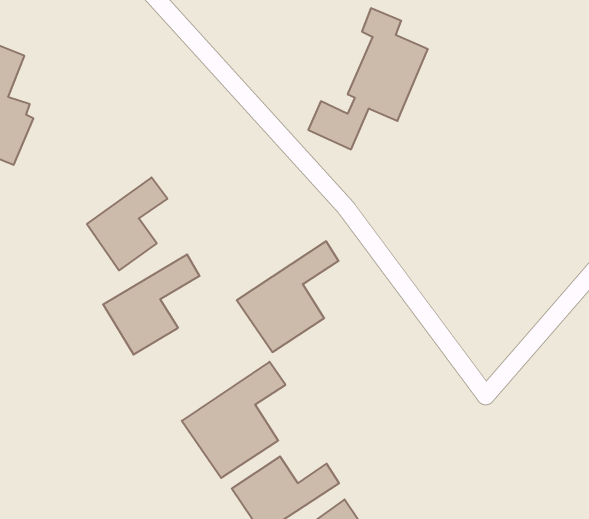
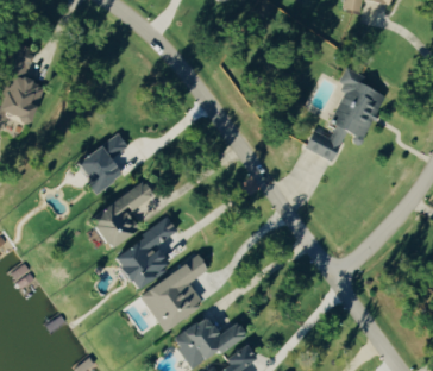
building: [308,8,428,149] -> [305,68,384,162]
building: [237,241,339,352] -> [109,218,177,291]

